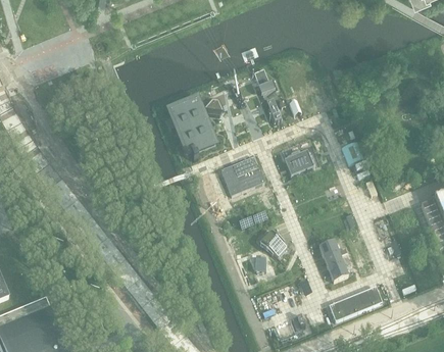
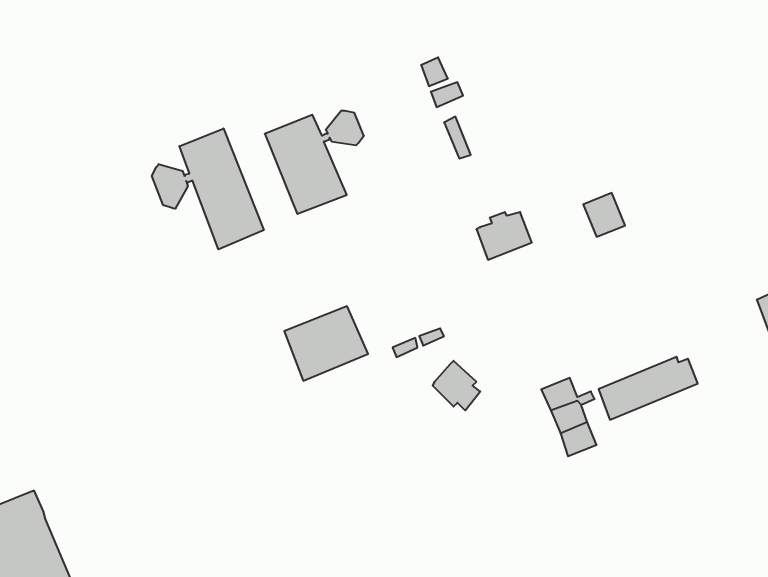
building: none -> [152,128,264,249]
building: [219,155,264,195] -> [284,306,368,381]
building: [328,287,381,320] -> [599,357,698,420]

